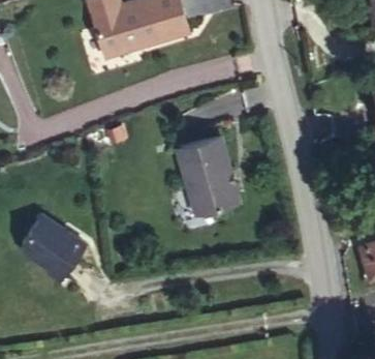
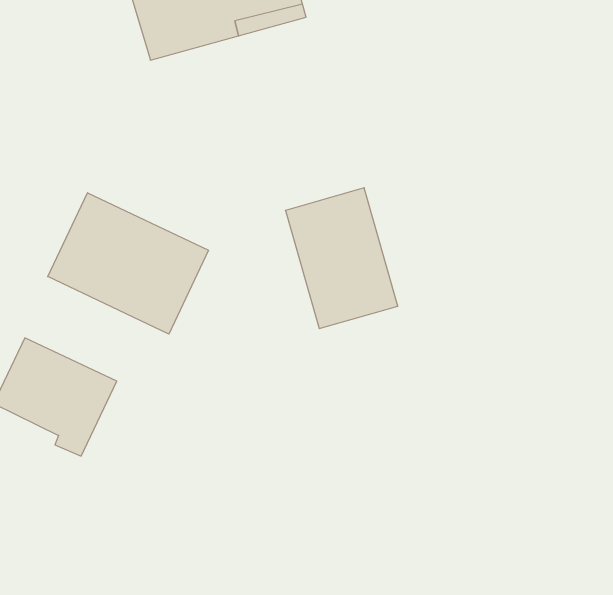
building: none -> [48,193,209,334]

